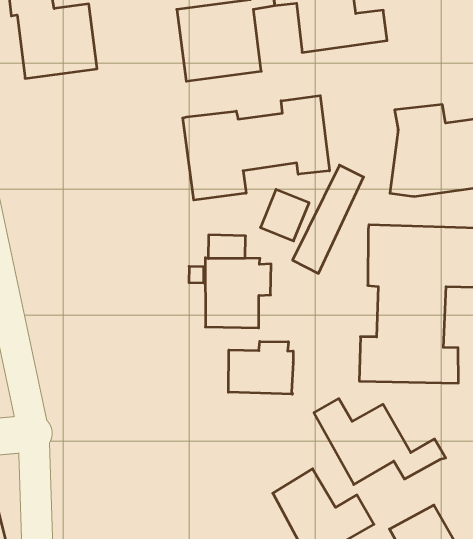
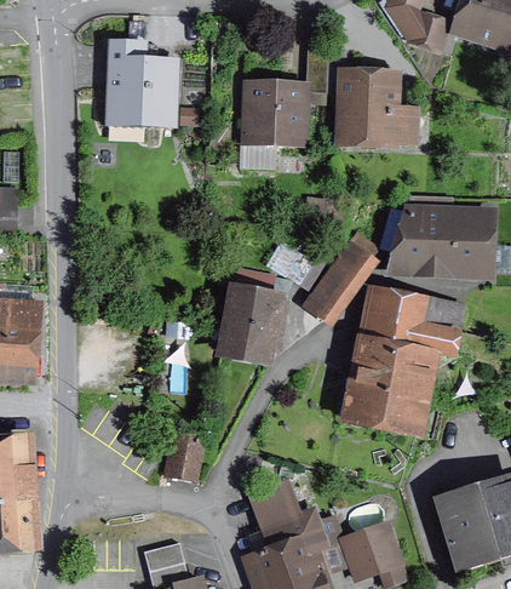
building: [183,96,329,200] -> none
building: [228,341,293,394] -> none
building: [314,399,446,485] -> none
building: none -> [166,434,201,481]

